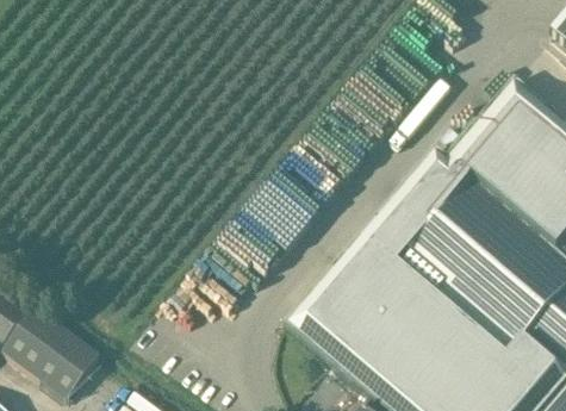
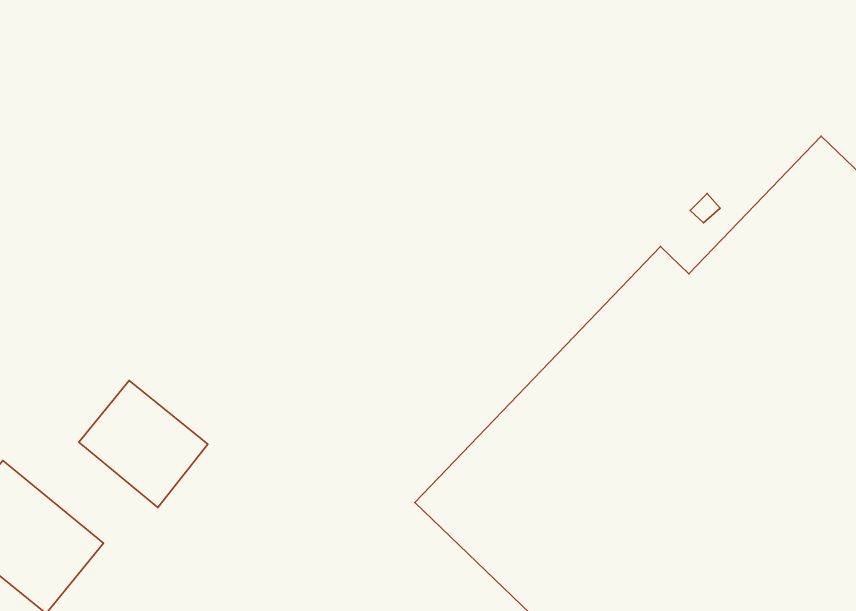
building: none -> [79,380,208,507]

